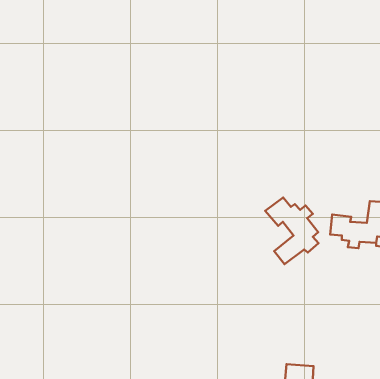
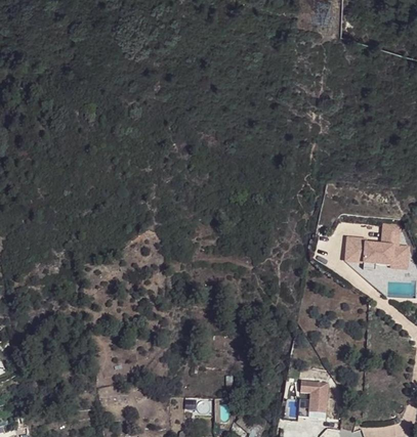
building: [265,197,319,264] -> none

